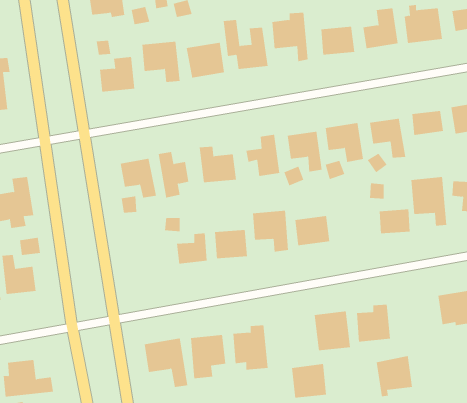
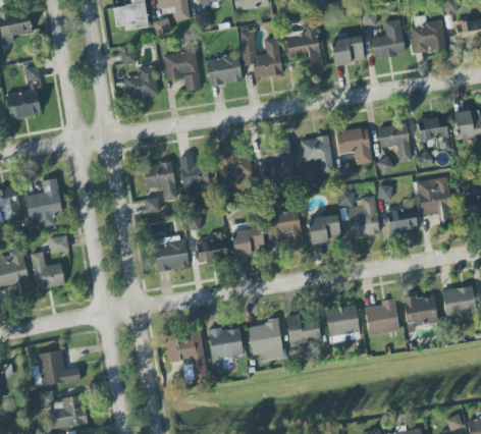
building: none -> [338,191,379,237]
building: none -> [152,235,189,272]
building: [376,356,413,397] -> [403,293,437,332]
building: [291,364,327,398] -> [286,313,320,345]

